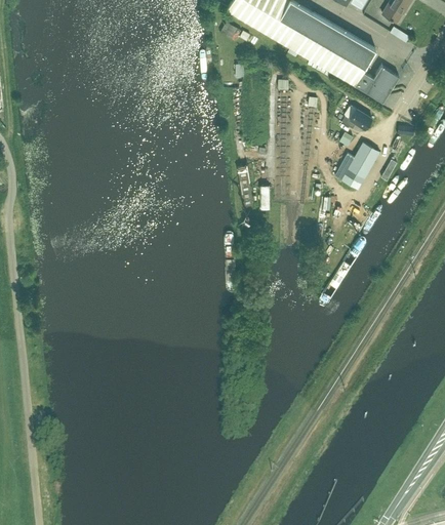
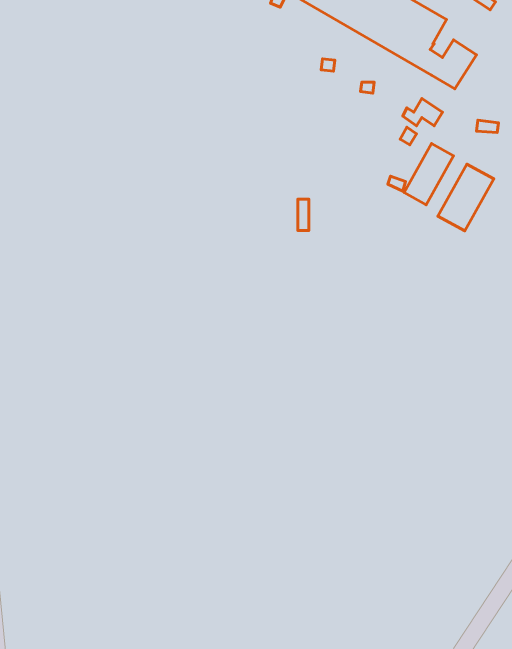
building: none -> [438,164,494,231]

